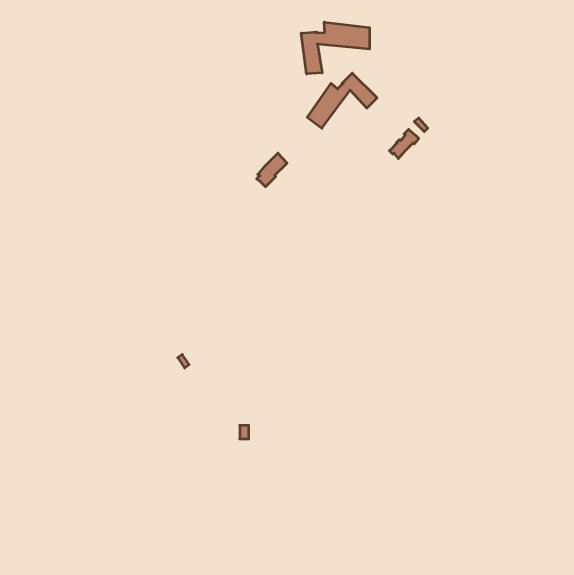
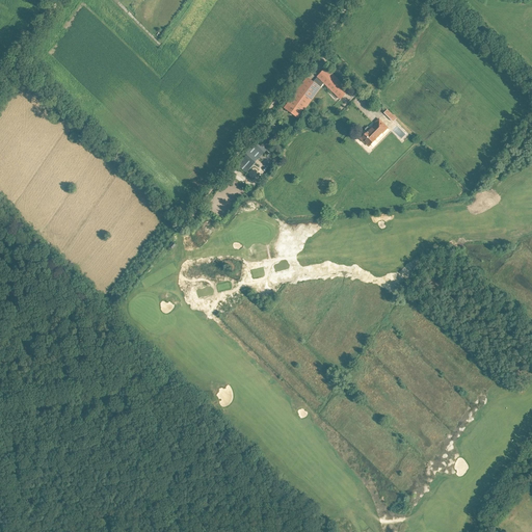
building: [301,22,370,74] -> none

